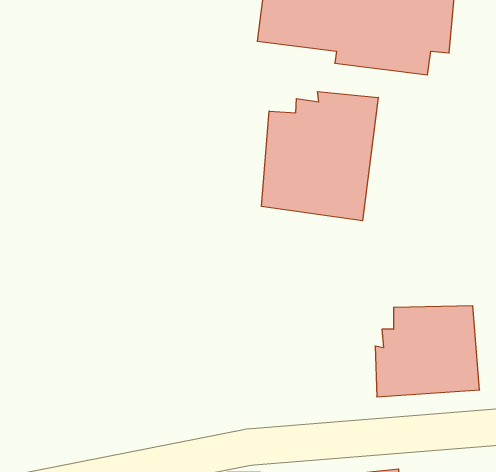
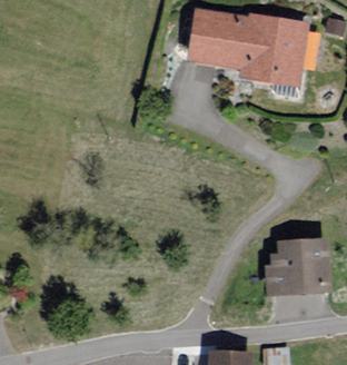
building: [261,92,378,221] -> none

